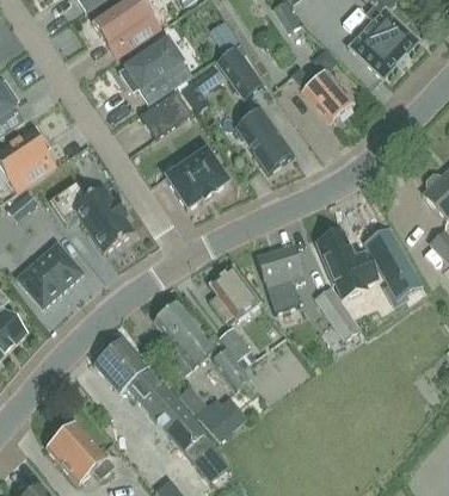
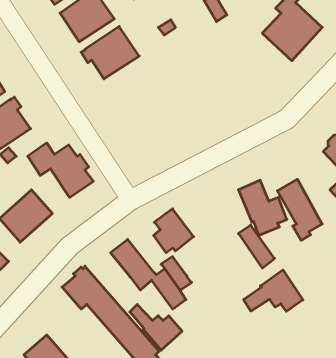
building: [216,45,263,98] -> none
building: [291,67,353,123] -> none
building: [139,88,190,136] -> none
building: [234,106,294,172] -> none
building: [165,148,227,207] -> none
building: [257,243,305,303] -> none
building: none -> [244,270,303,311]

